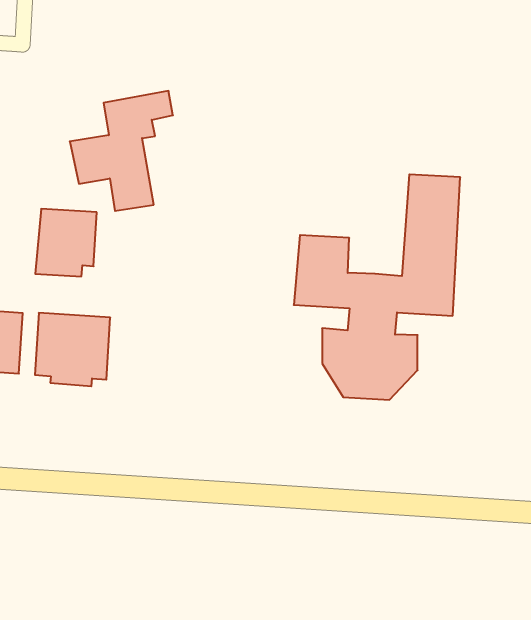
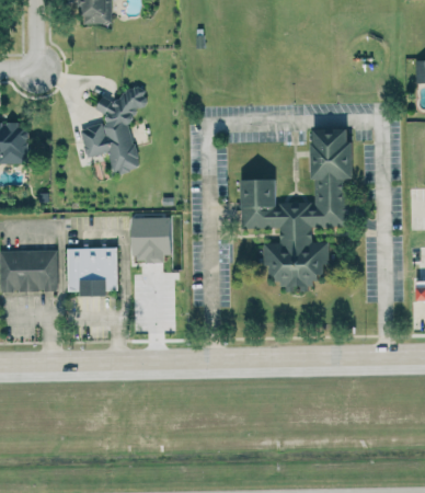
building: [35,209,97,276] -> [131,217,171,263]

